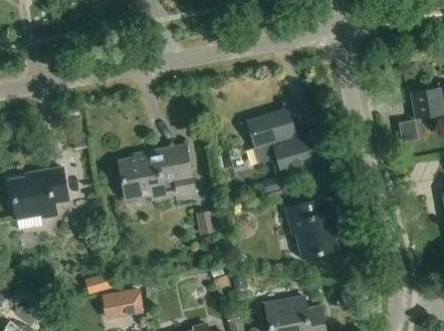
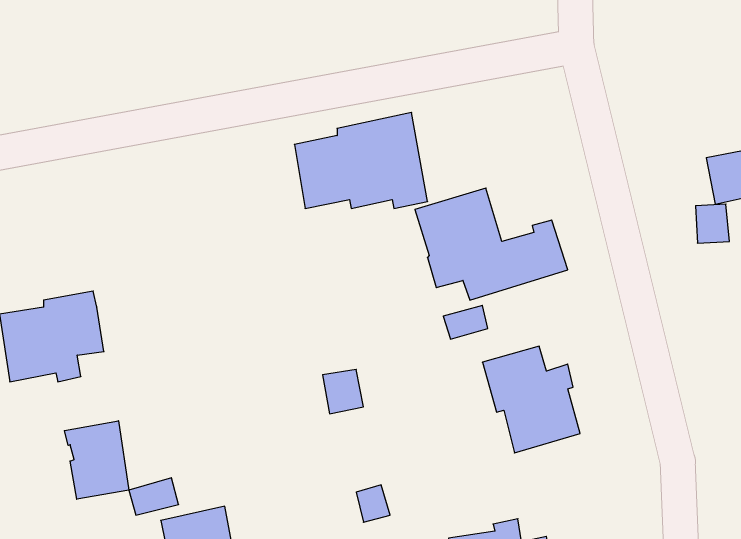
building: [120,143,195,198] -> [294,112,428,208]
building: none -> [64,421,129,499]

